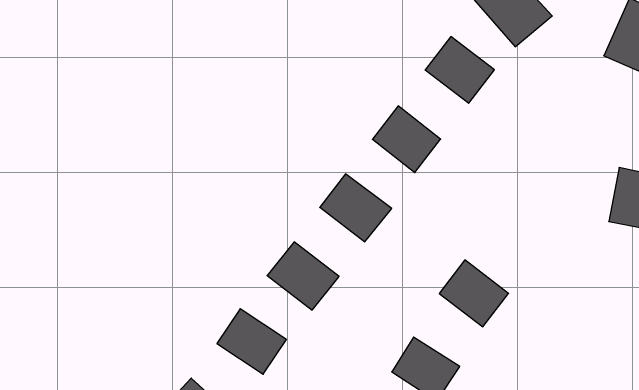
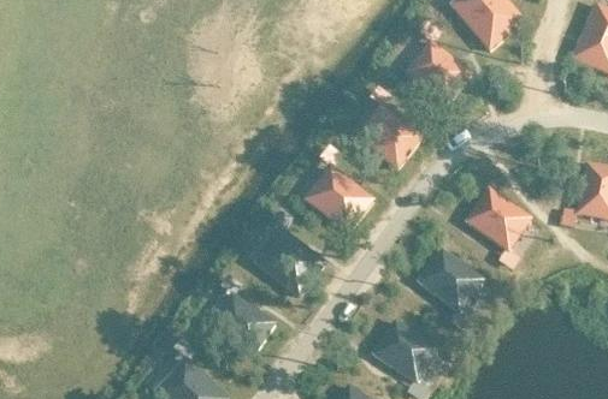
building: none -> [467,187,531,249]

